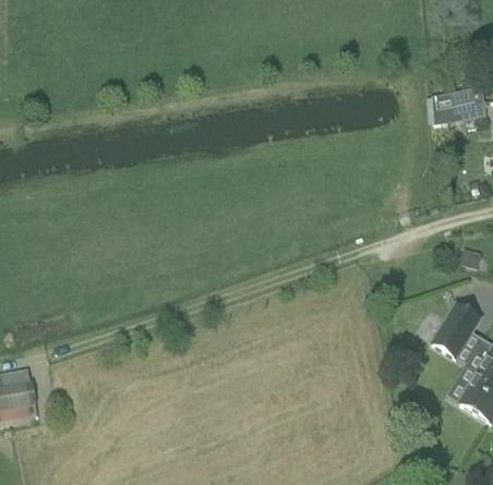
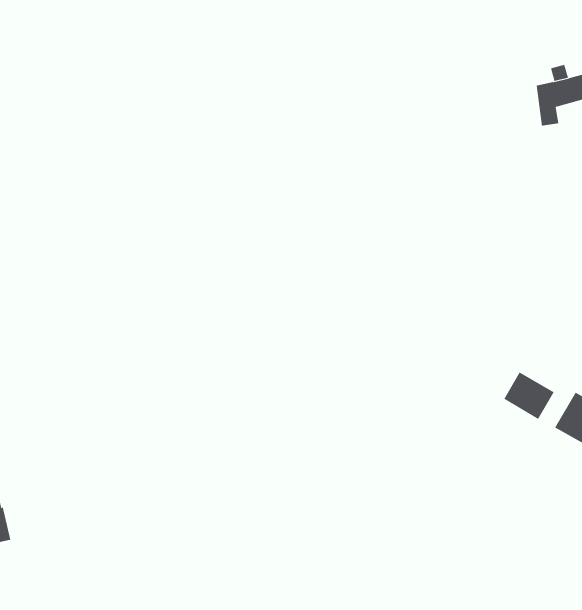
building: none -> [504,371,554,420]

